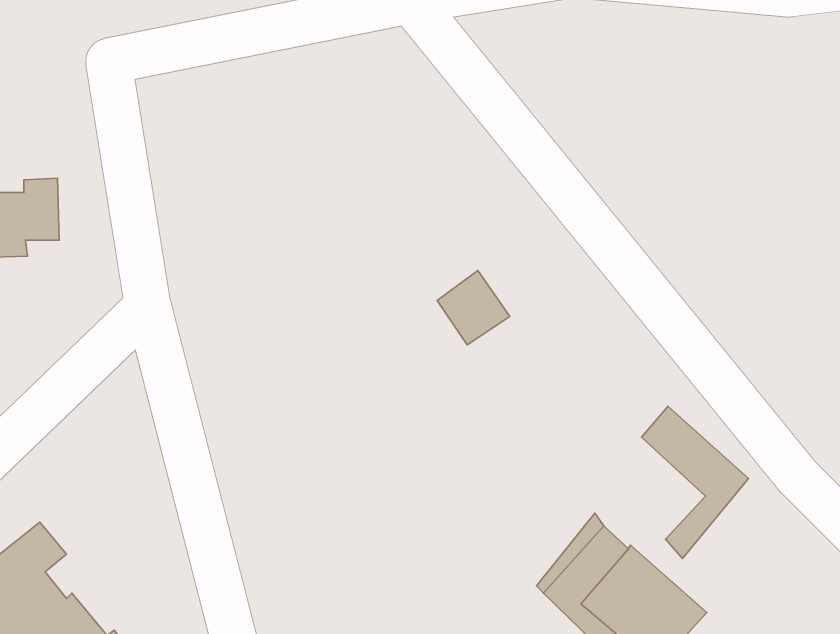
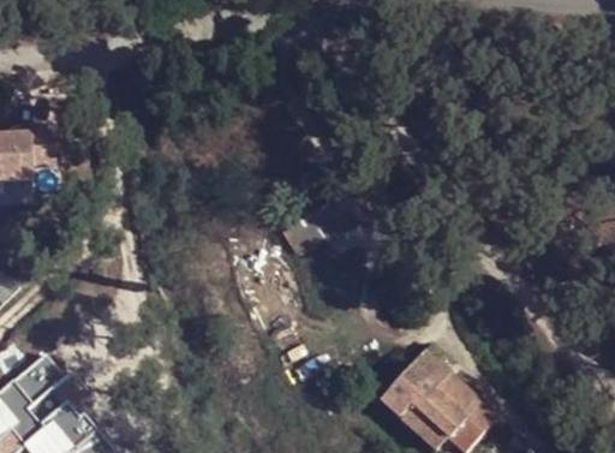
building: [641,406,749,559] -> none

